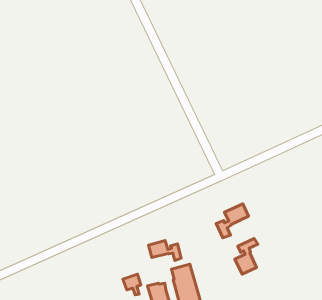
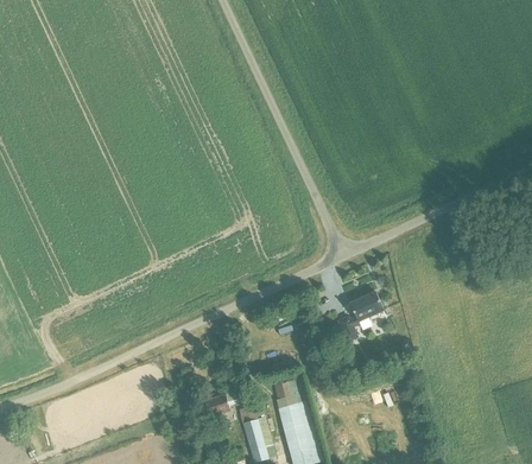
building: [235,239,258,274] -> none
building: [148,241,181,261] -> none

